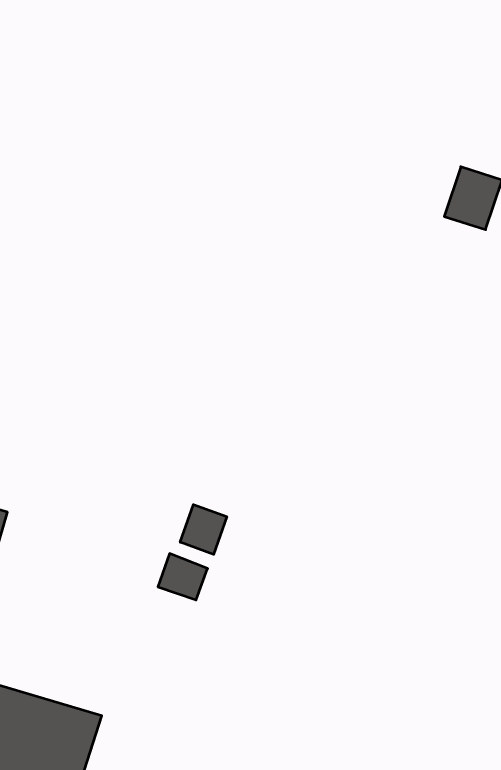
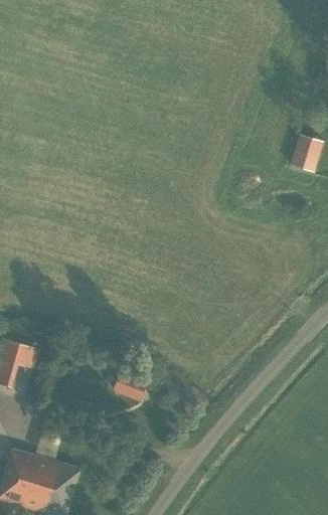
building: [180,505,227,554] -> none

